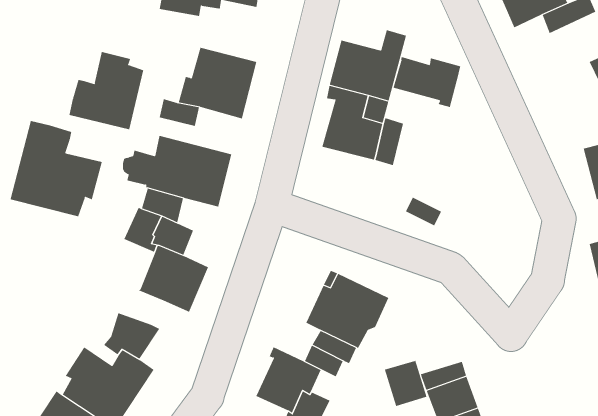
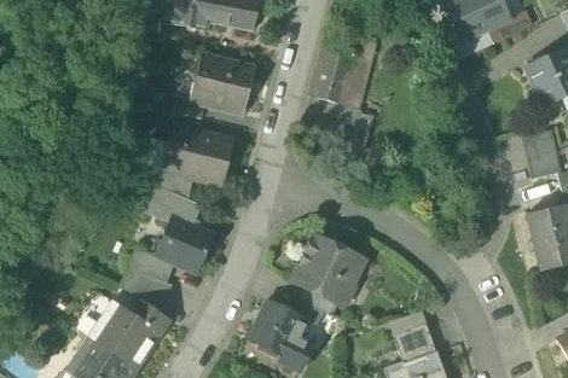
building: [69,51,144,130] -> none
building: [393,56,461,108] -> none
building: [10,120,103,217] -> none
building: none -> [120,245,176,291]
building: [384,360,427,407] -> none

